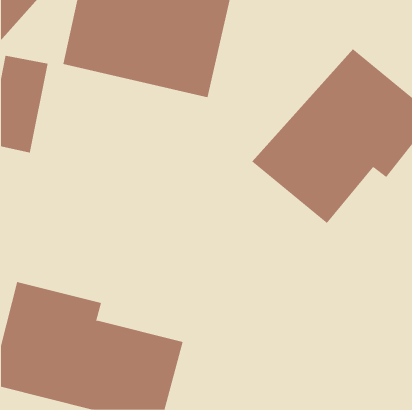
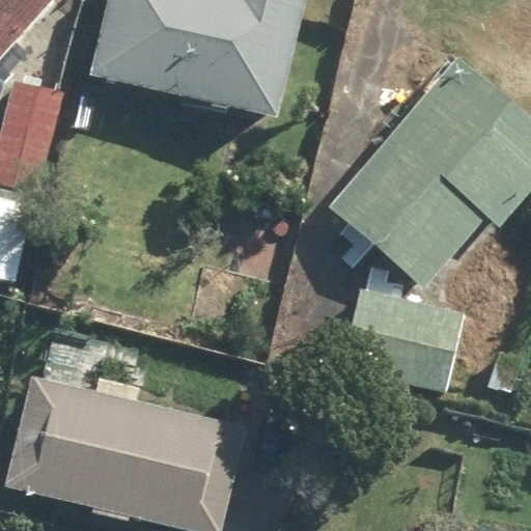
building: none -> [342,287,464,385]

